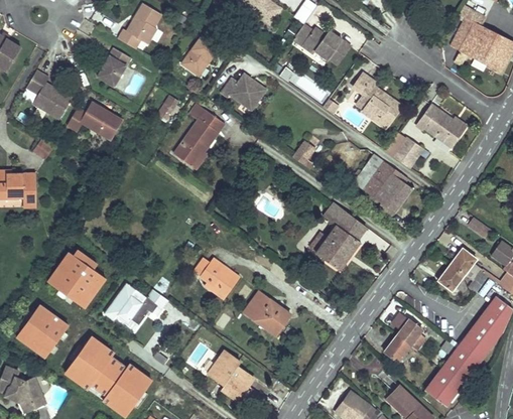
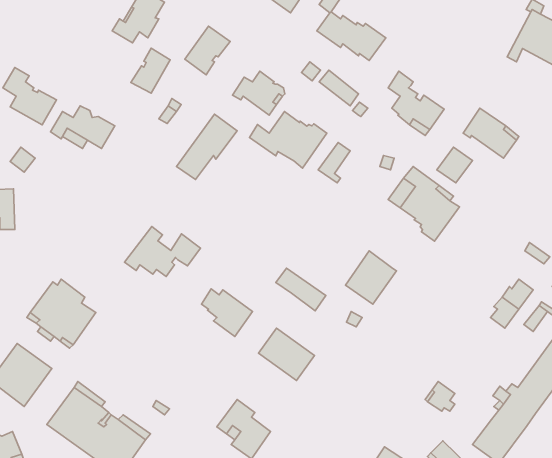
building: [98,47,131,86] -> [131,48,170,93]
building: none -> [249,112,327,168]
building: [324,203,366,240] -> [276,268,326,311]
building: [103,282,167,324] -> [124,227,201,277]
building: [395,320,423,348] -> none

